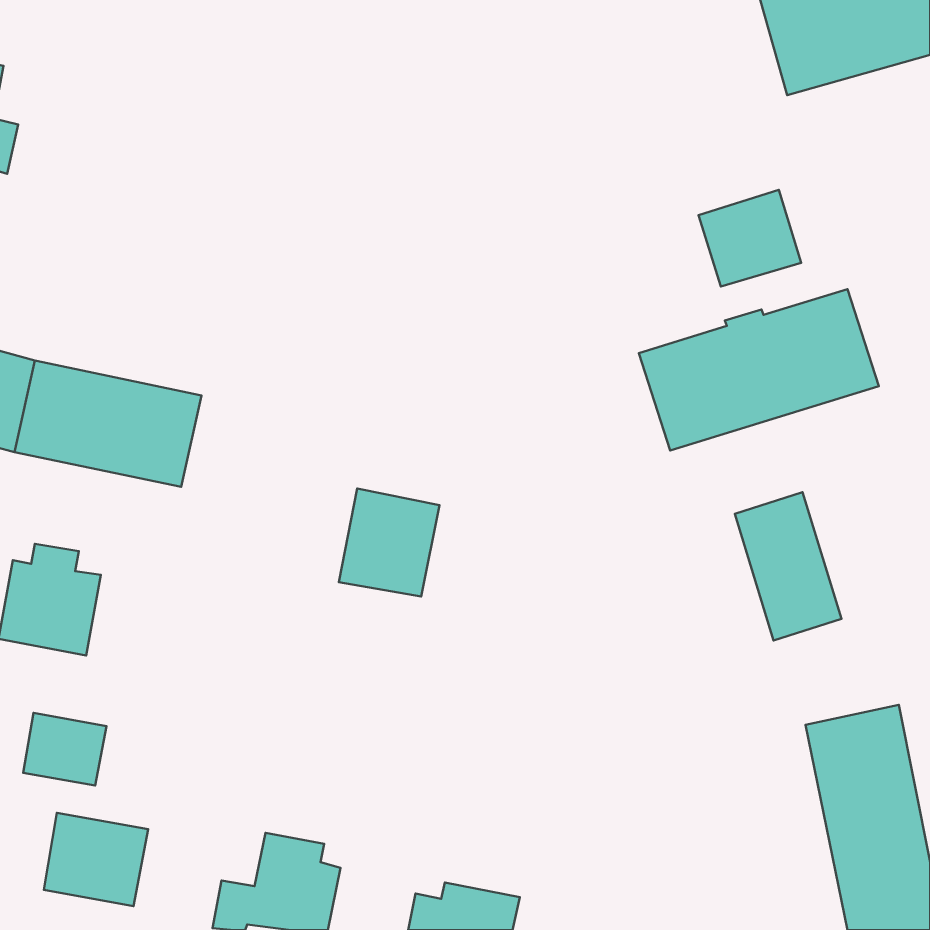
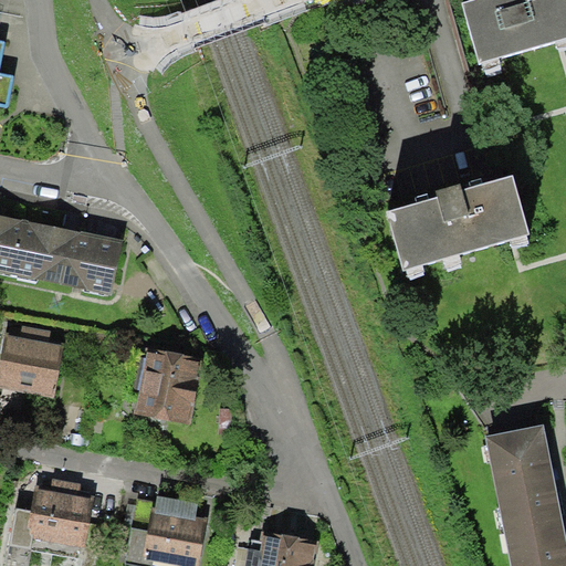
building: [699,190,801,287] -> none
building: [339,489,440,597] -> [134,356,195,421]
building: [735,492,841,640] -> none
building: [23,713,107,785] -> none

